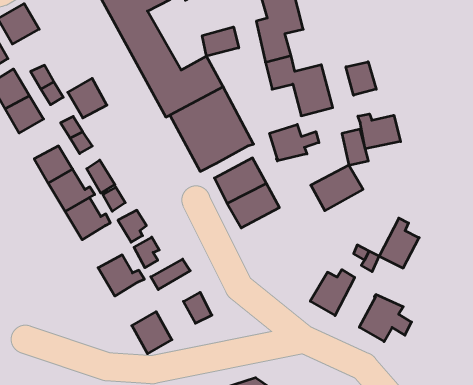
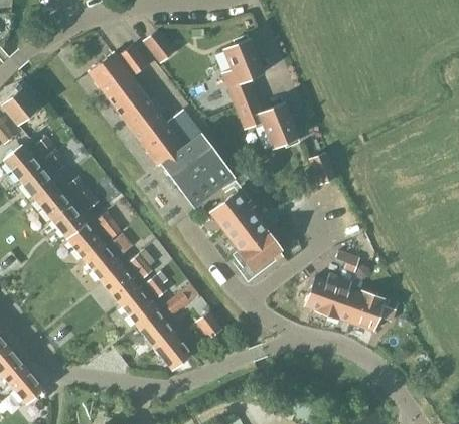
building: [202,27,239,56] -> none
building: [346,62,376,95] -> none
building: [68,78,107,118] -> [34,184,69,219]
building: [358,114,401,149] -> none
building: [270,124,319,161] -> none
building: [311,165,363,211] -> [237,230,282,272]
building: [379,218,419,268] -> [328,280,360,323]
building: none -> [102,267,142,304]
building: none -> [137,311,178,350]

